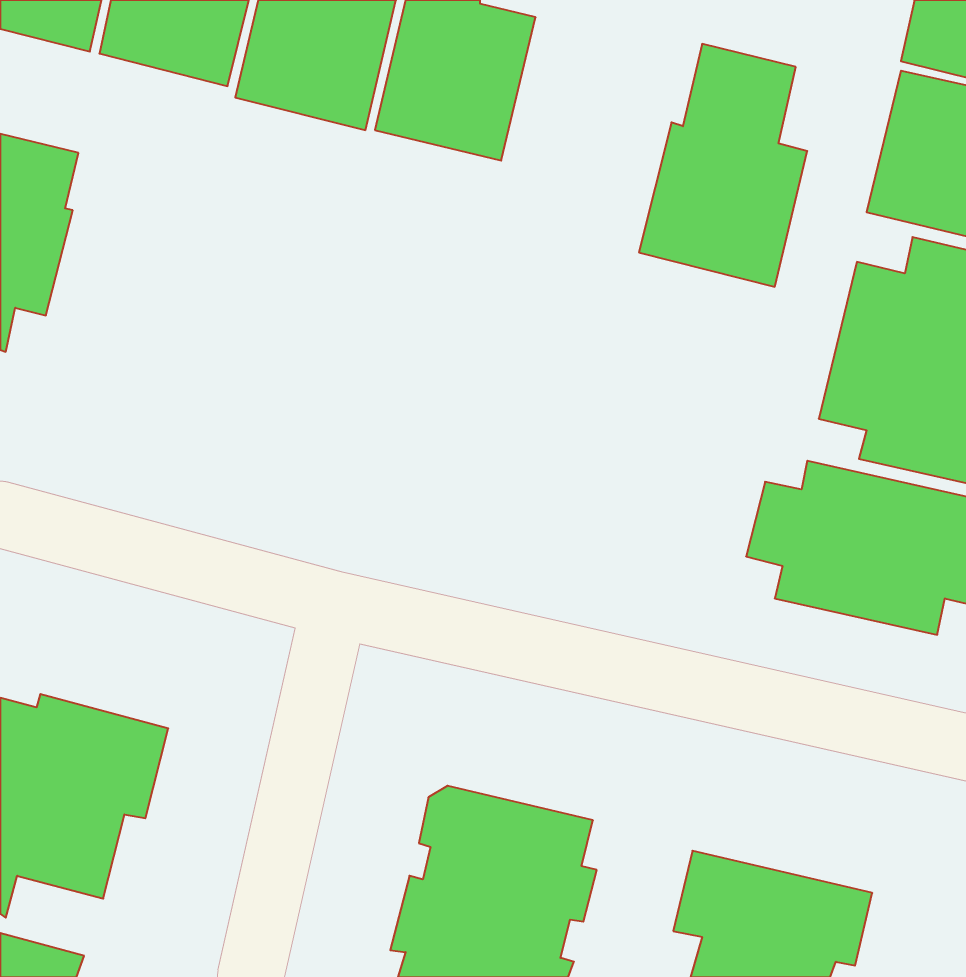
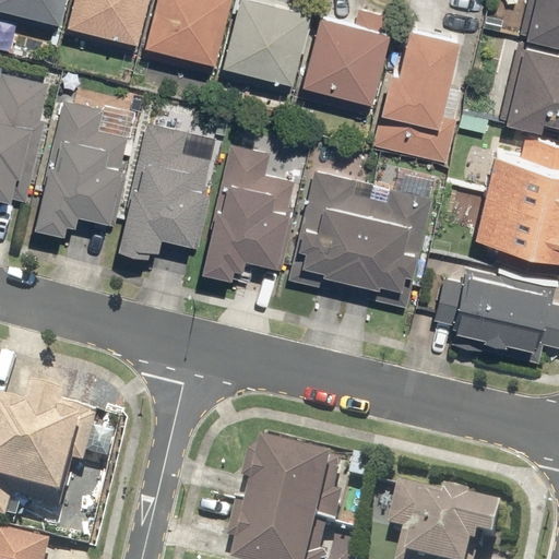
building: none -> [298,7,395,114]
building: none -> [33,98,132,234]
building: none -> [116,120,219,260]
building: none -> [200,142,297,278]
building: none -> [288,168,436,307]

